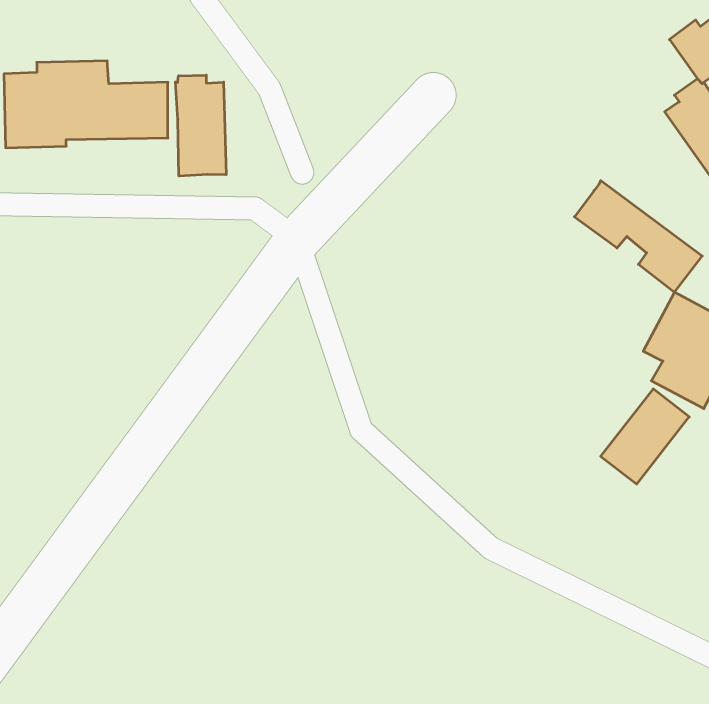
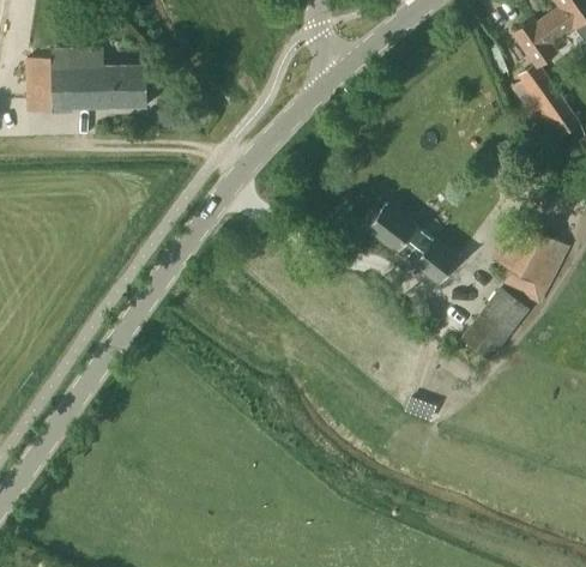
building: [175,75,226,176] -> none
building: [574,181,702,292] -> [367,203,460,284]

